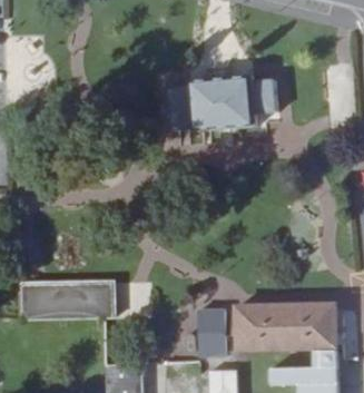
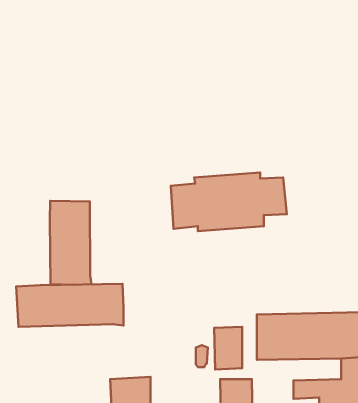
building: [171,78,277,131] -> [171,172,287,231]
building: none -> [50,201,92,285]

